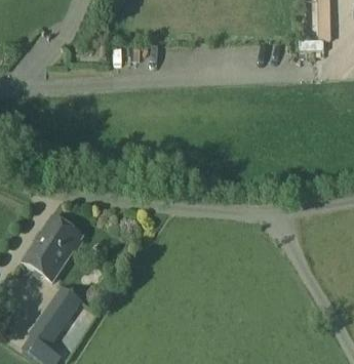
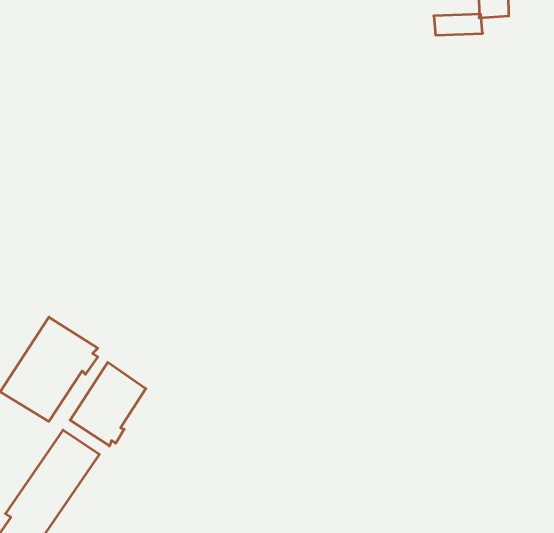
building: none -> [70,362,146,446]

